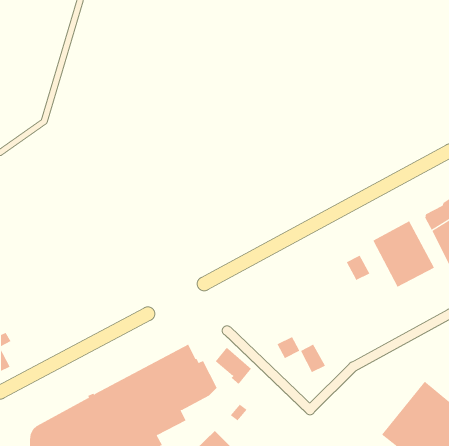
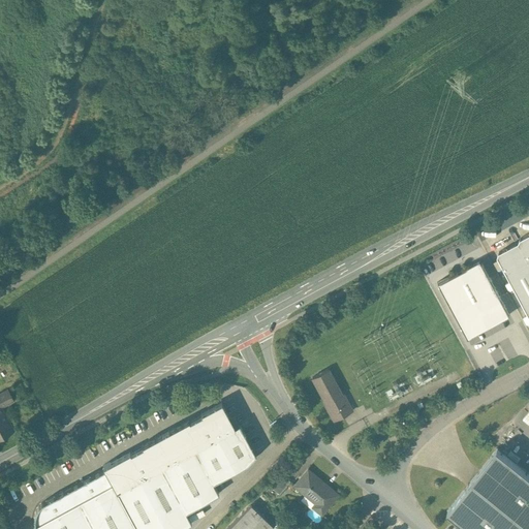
building: [346,255,370,281] -> none
building: [300,344,326,373] -> [313,374,343,408]
building: [215,347,252,385] -> [295,475,339,520]

